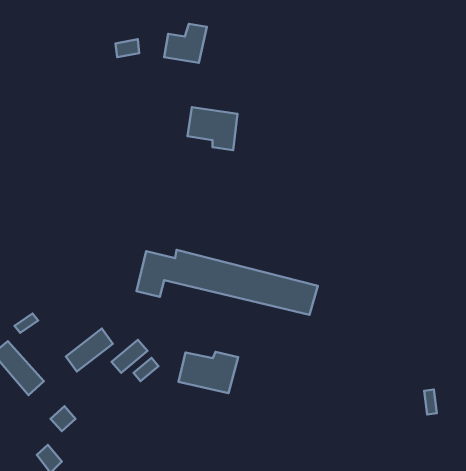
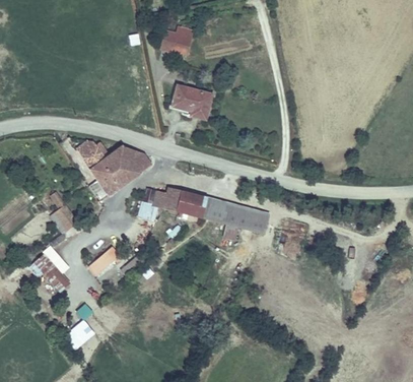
building: none -> [75,140,152,198]
building: none -> [50,191,79,232]
building: [179,352,238,393] -> none

